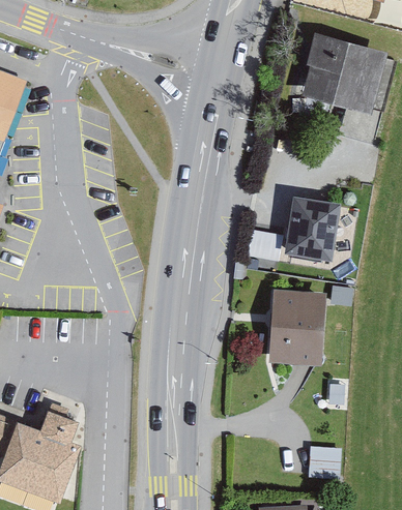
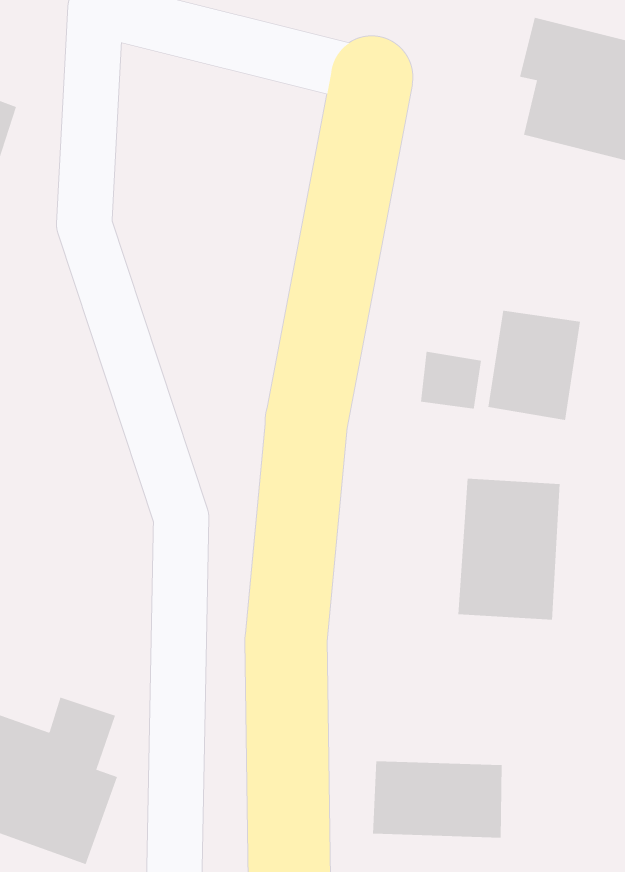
building: none -> [373,761,502,838]
building: [308,448,339,481] -> none

